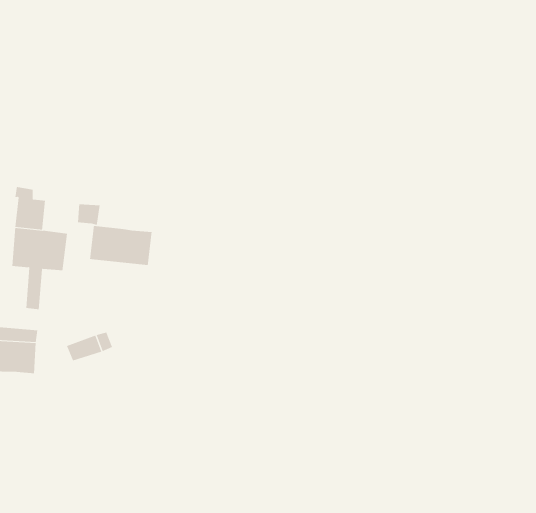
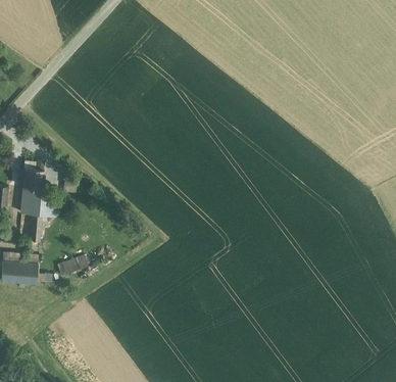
building: [90,225,152,266] -> none

